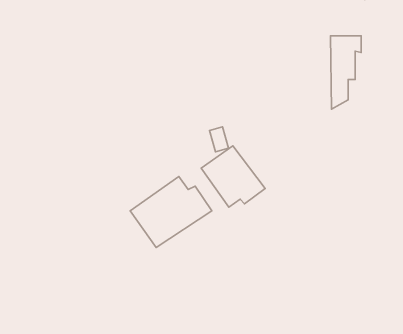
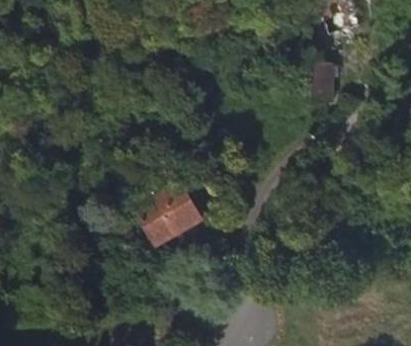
building: [201,146,265,207] -> none

